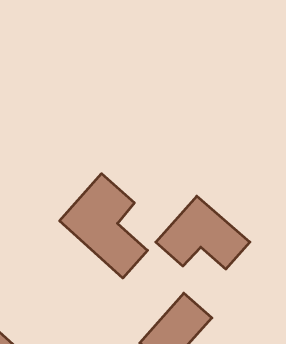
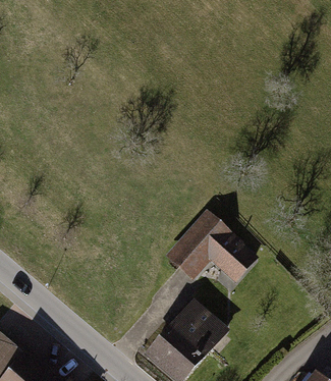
building: [60,174,148,278] -> none

